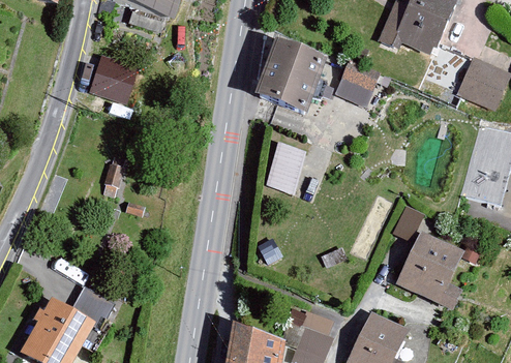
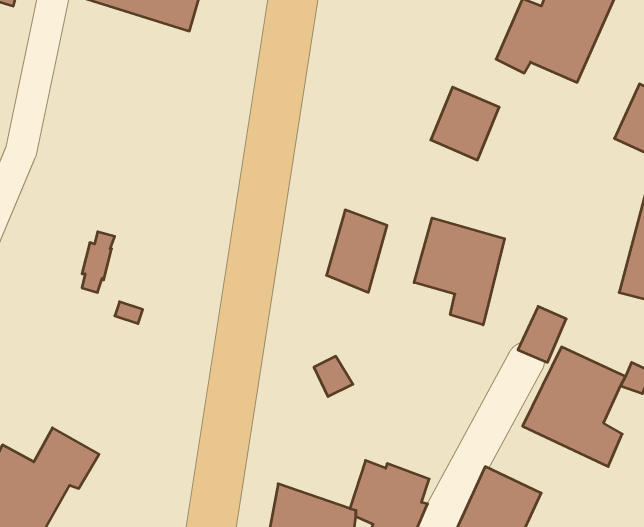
building: [257,39,327,113] -> none
building: [89,54,139,104] -> none
building: none -> [414,218,505,325]

